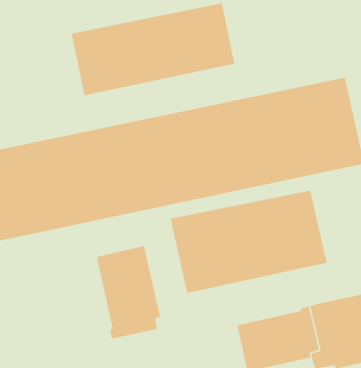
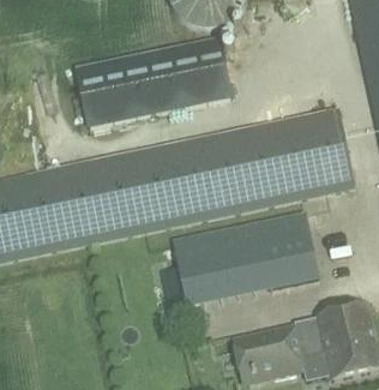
building: [96,245,161,340] -> none

